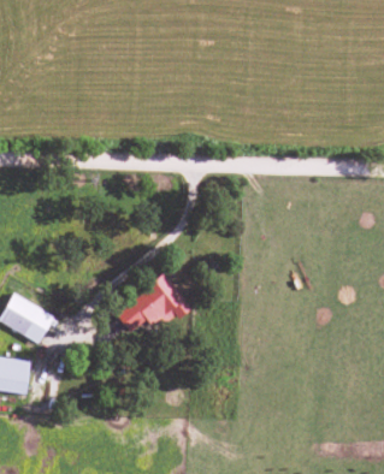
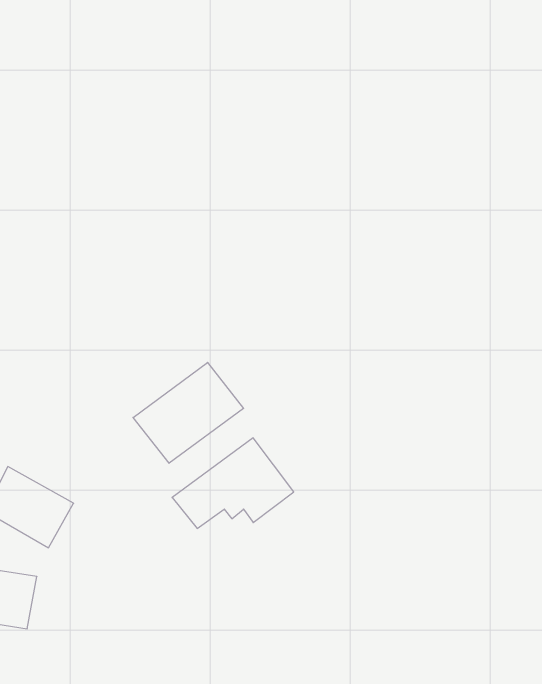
building: none -> [133,362,244,463]

